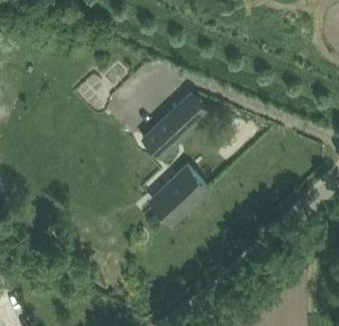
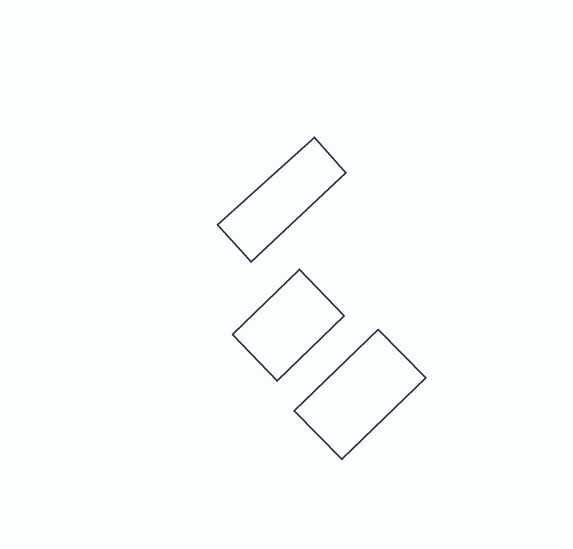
building: none -> [294,330,426,459]

